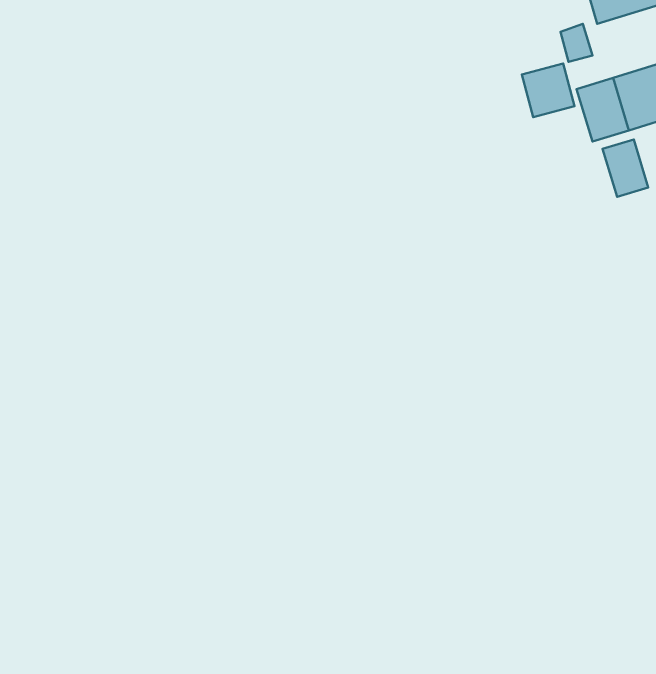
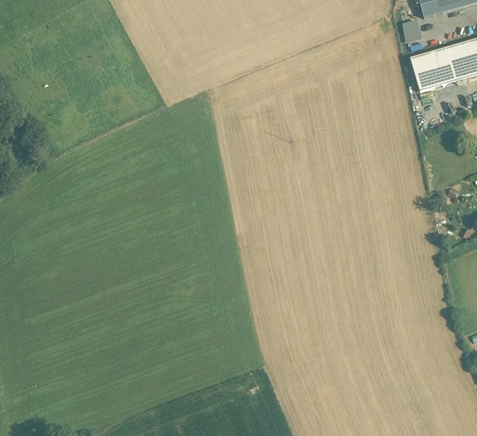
building: [522,63,575,117] -> none
building: [603,140,648,197] -> none

